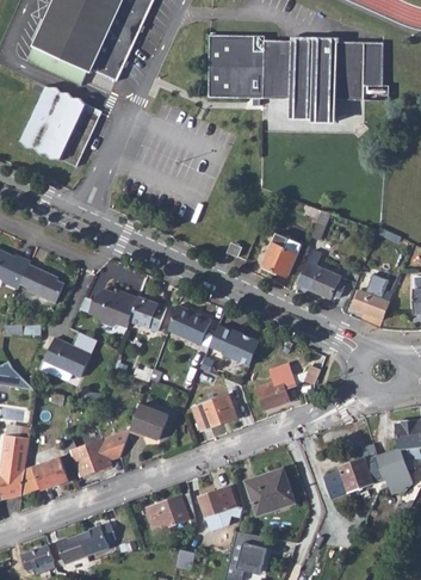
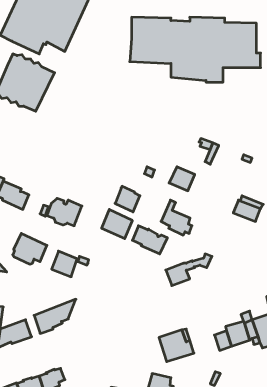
building: [298,249,341,298] -> [161,200,192,235]
building: [130,295,165,331] -> [115,186,140,212]
building: [191,393,235,430] -> none
building: [130,401,166,437] -> [52,251,77,277]
building: [199,486,236,530] -> none
building: [146,493,194,531] -> none

